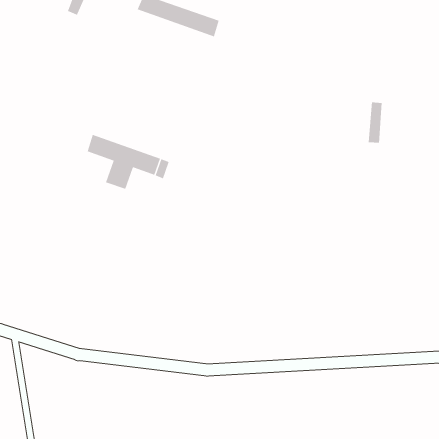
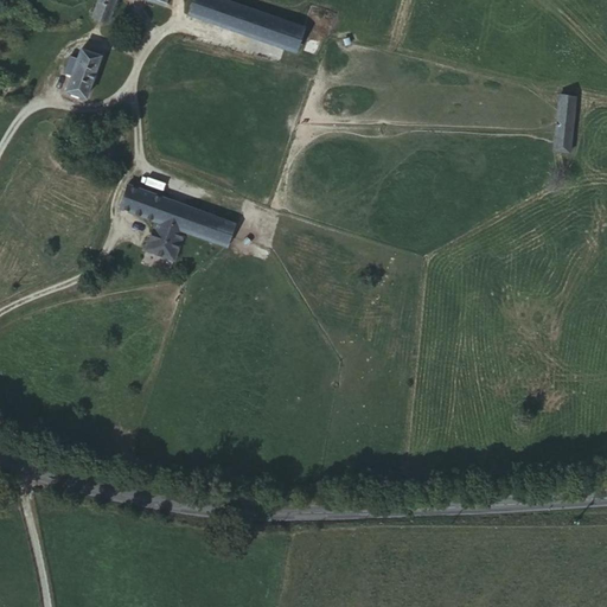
building: none -> [65,50,103,97]
building: [368,102,382,143] -> [555,95,575,152]

